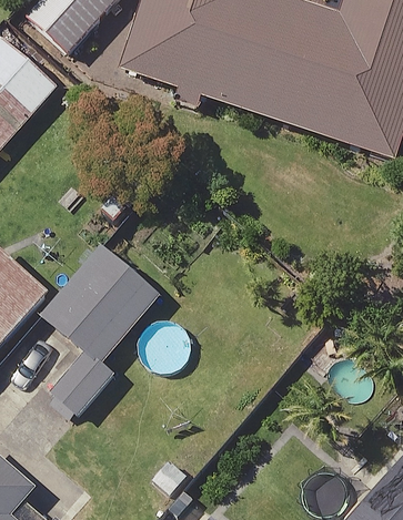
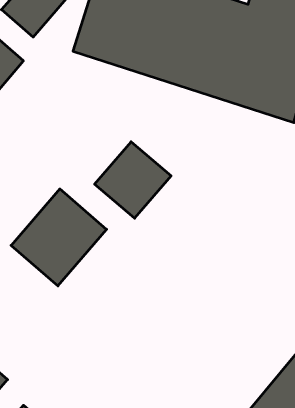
building: none -> [95,142,171,218]

